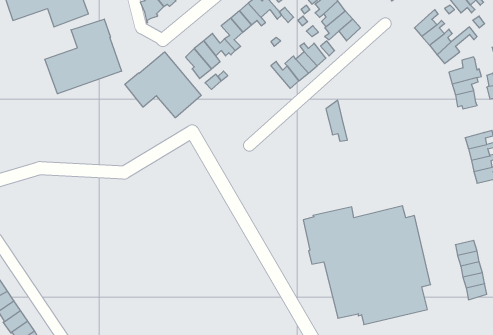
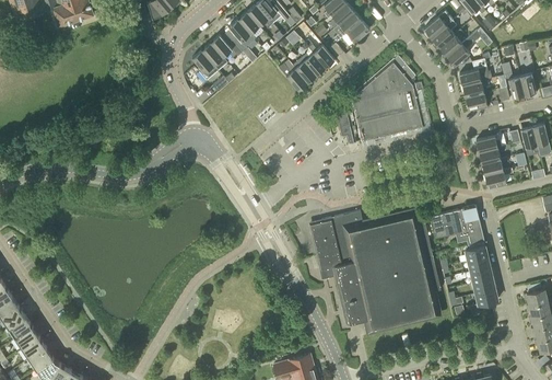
building: [45,19,122,94] -> none
building: [125,52,201,118] -> none
building: none -> [351,55,425,145]
building: none -> [430,206,484,246]

